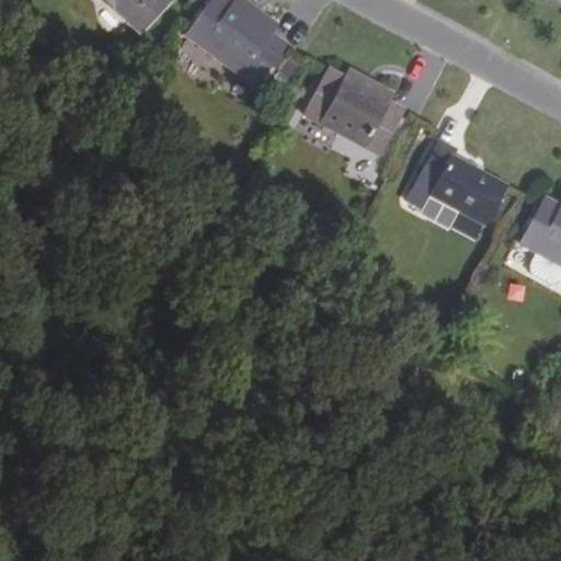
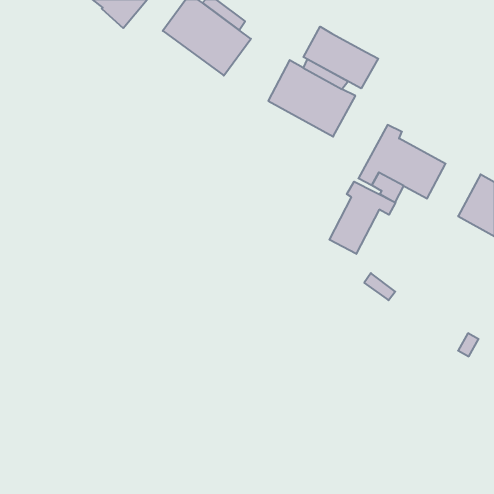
building: none -> [303,27,378,88]
building: none -> [329,182,396,254]

